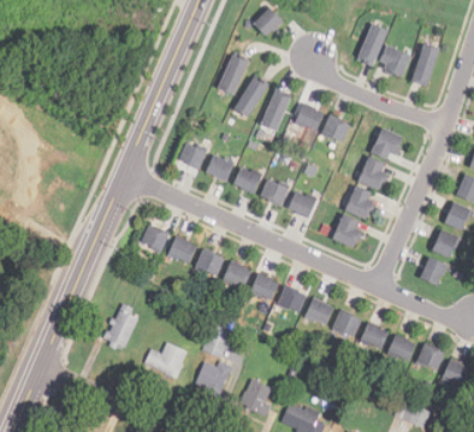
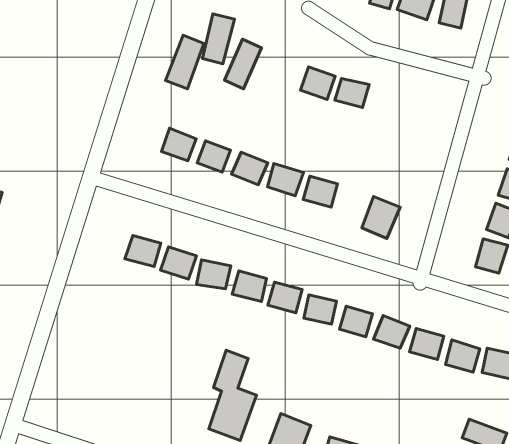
building: [259,88,292,131] -> [166,35,204,89]
building: [372,126,404,160] -> none
building: [357,155,391,190] -> none
building: [344,187,377,219] -> none
building: [102,306,140,350] -> none
building: [143,342,186,378] -> none

